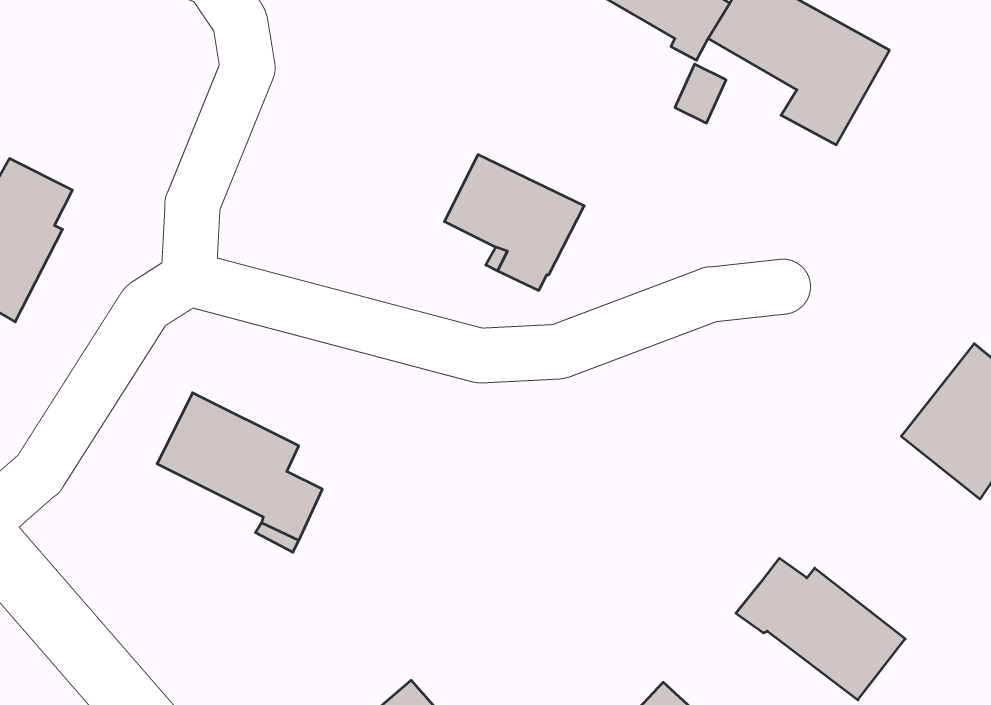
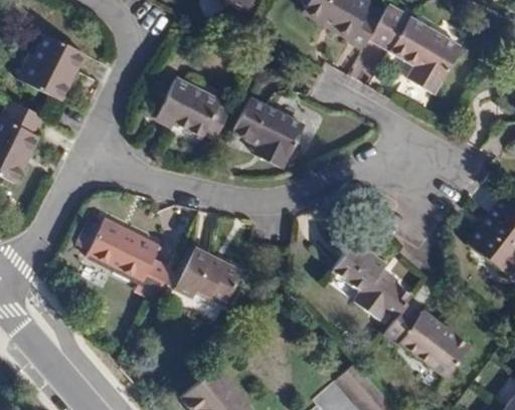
building: none -> [19,34,83,99]
building: none -> [156,77,230,139]
building: none -> [332,240,410,318]
building: none -> [175,247,241,304]

